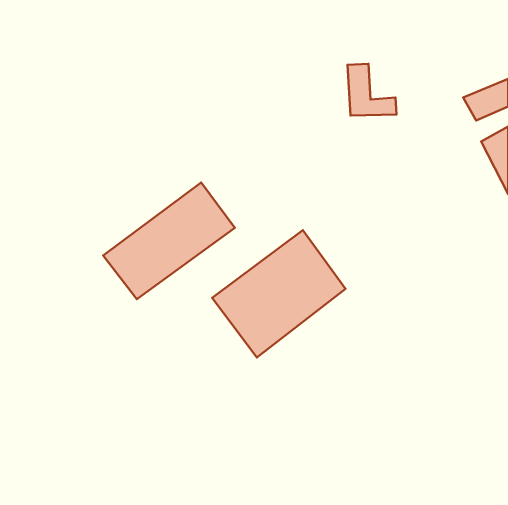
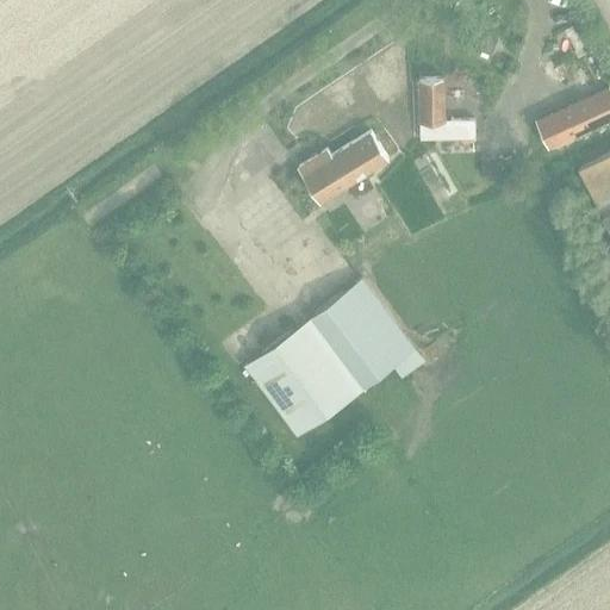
building: none -> [298,135,388,204]
building: [103,182,235,299] -> none

